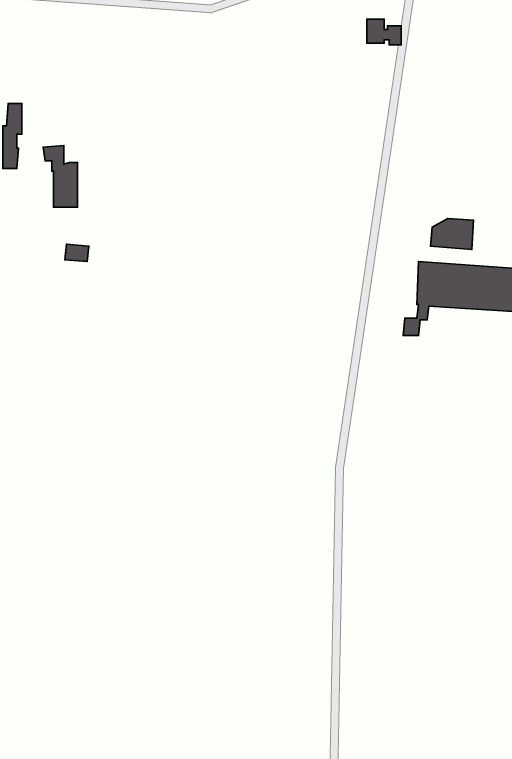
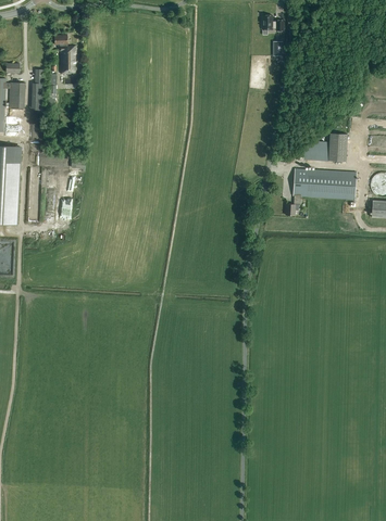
building: [43,145,78,207] -> [53,35,75,74]
building: none -> [327,134,346,162]

